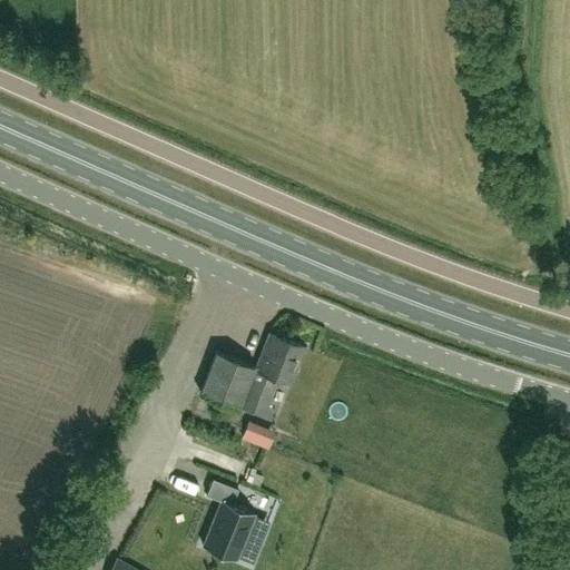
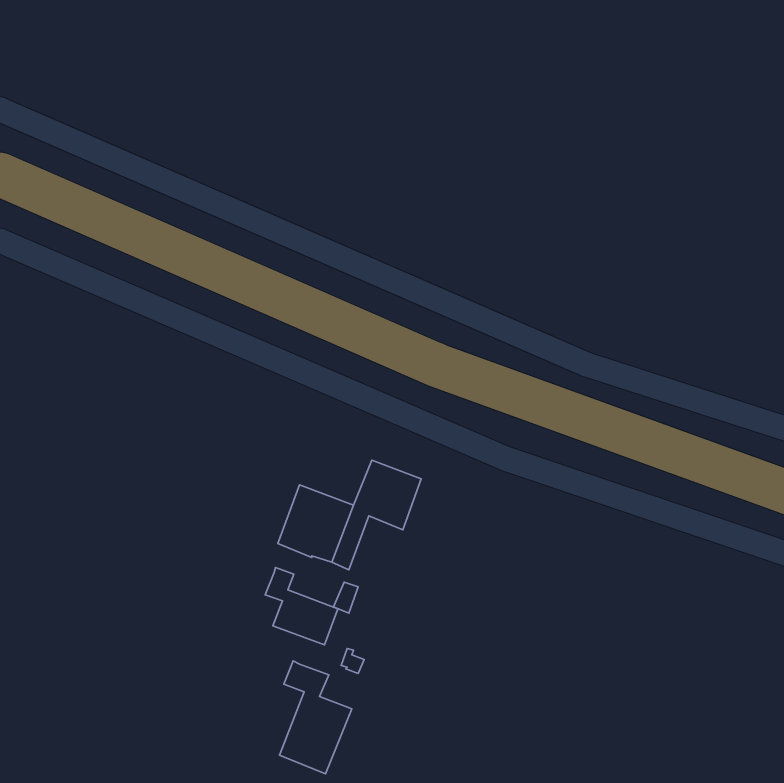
building: none -> [265,567,338,645]

